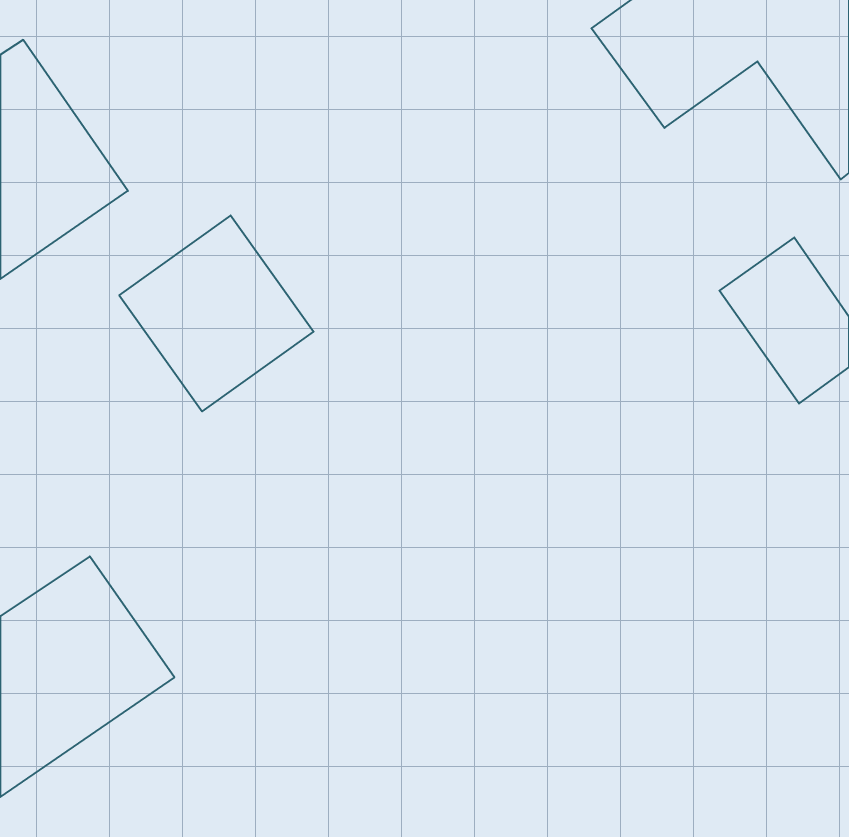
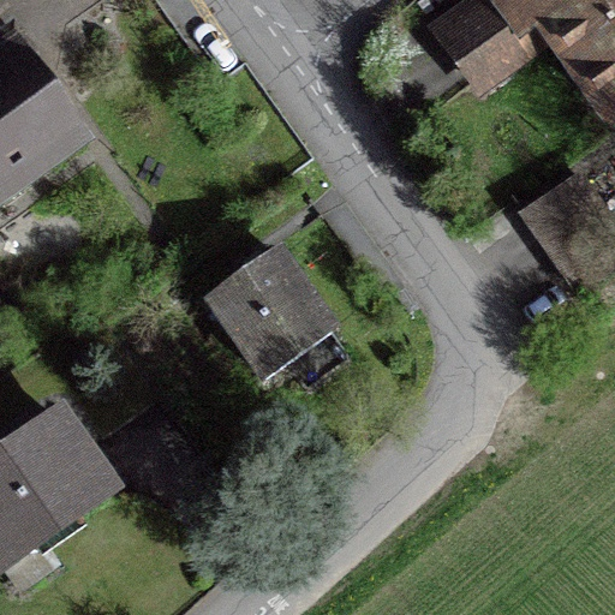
building: [119,215,314,411] -> [202,241,342,383]

